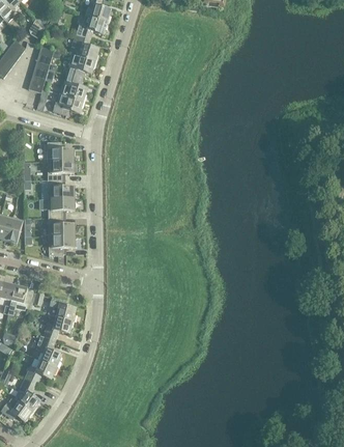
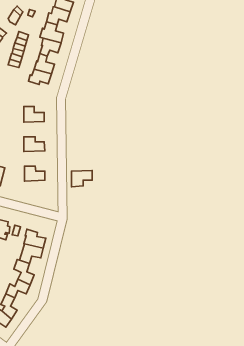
building: [47,161,73,180] -> none
building: [47,198,74,218] -> none
building: [48,235,74,256] -> [72,170,92,187]

